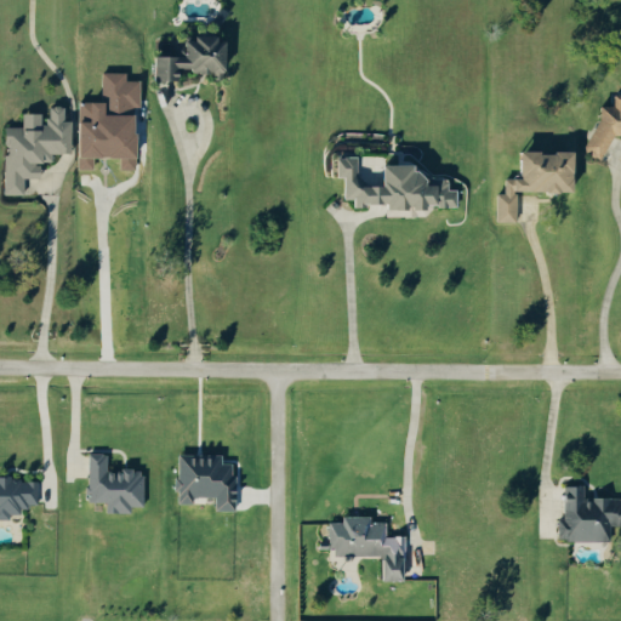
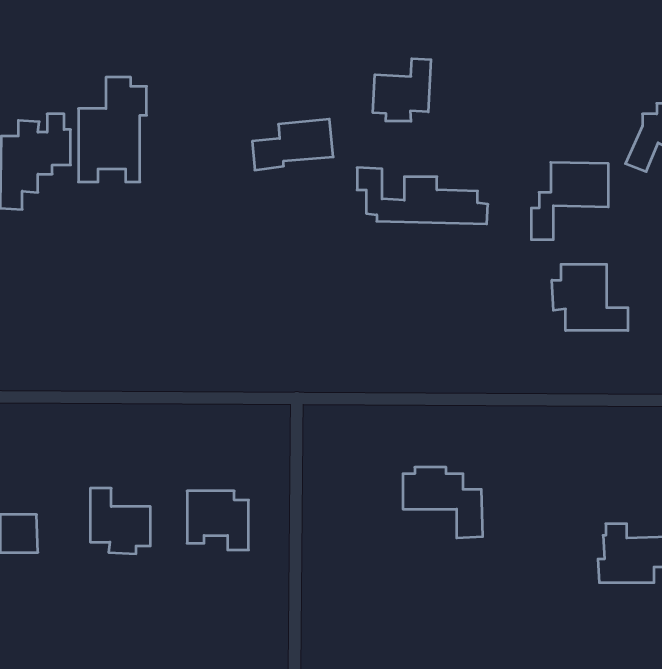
building: [152,35,227,82] -> [252,119,333,170]
building: none -> [373,59,431,121]
building: none -> [552,264,628,331]
building: [332,515,406,581] -> [403,467,483,538]

